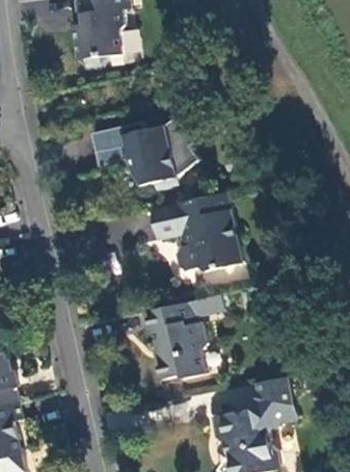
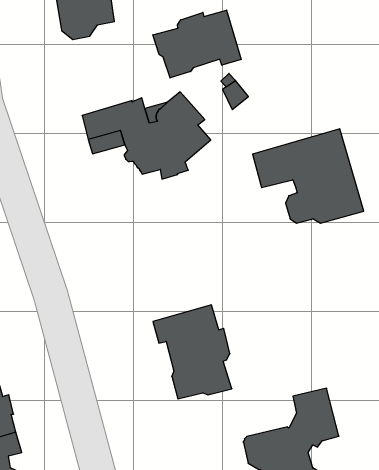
building: none -> [153,10,241,78]
building: [150,191,242,271] -> [253,129,364,223]

